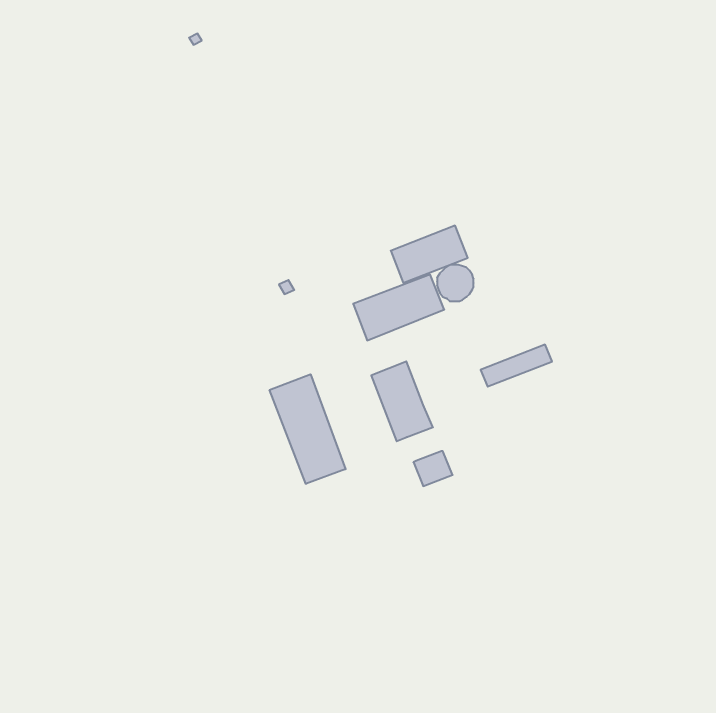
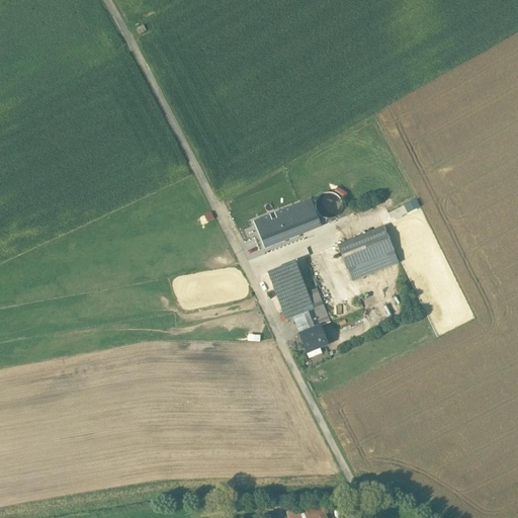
building: [391,226,468,283] -> [338,226,394,267]
building: [270,374,346,484] -> none
building: none -> [293,287,328,333]

